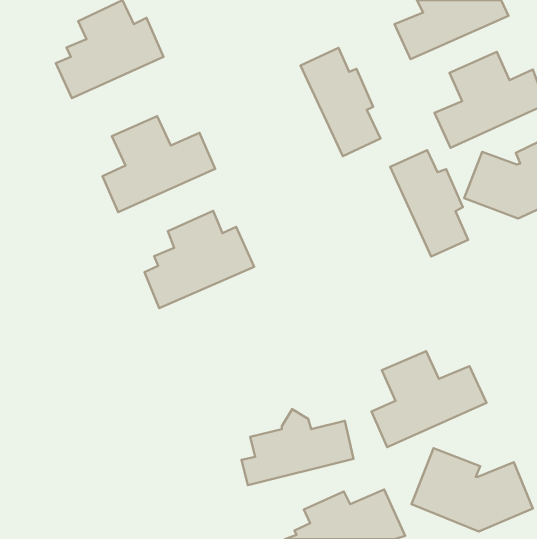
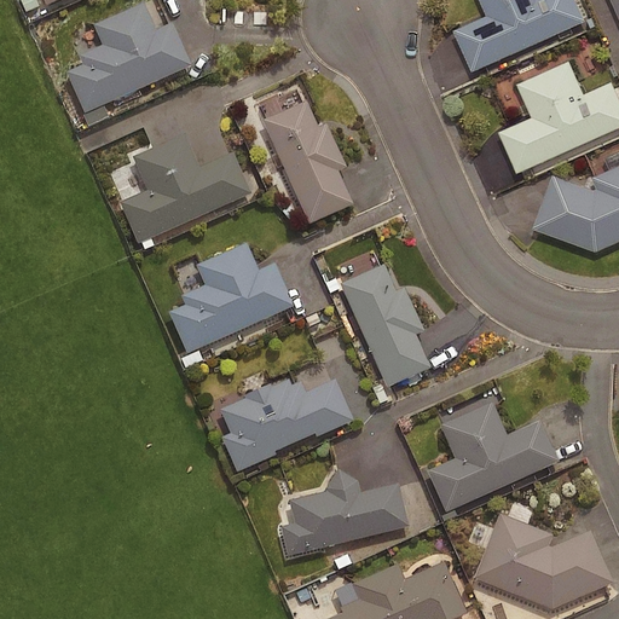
building: [300,48,381,156] -> [261,99,353,224]
building: [390,150,468,257] -> [340,265,429,387]
building: none -> [219,378,353,472]

